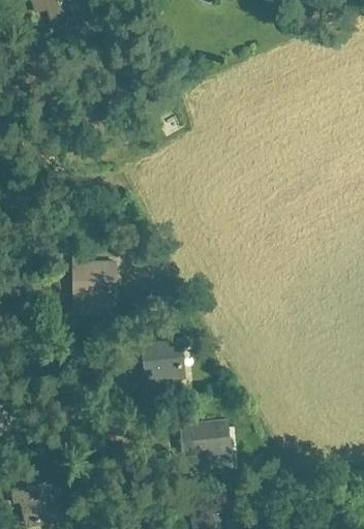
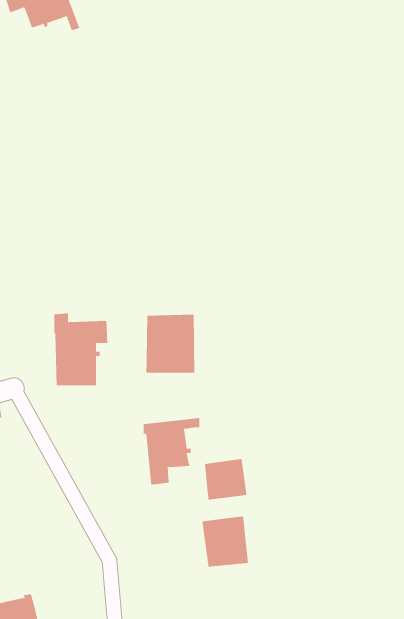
building: none -> [146,314,195,373]
building: none -> [205,458,247,500]

